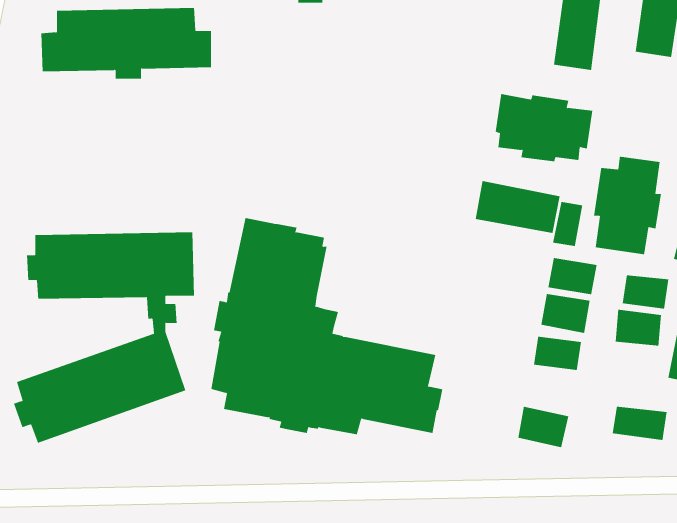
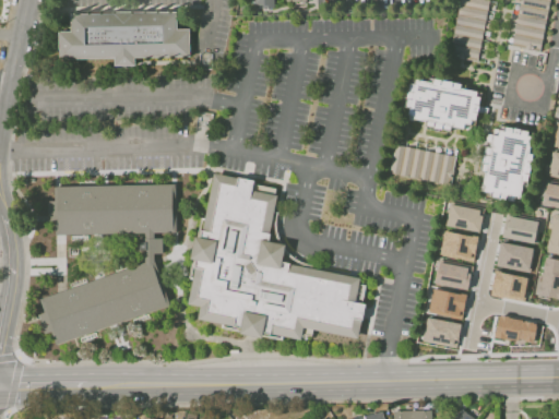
building: [552,201,583,247] -> none
building: none -> [490,271,528,301]
building: none -> [429,288,466,319]

